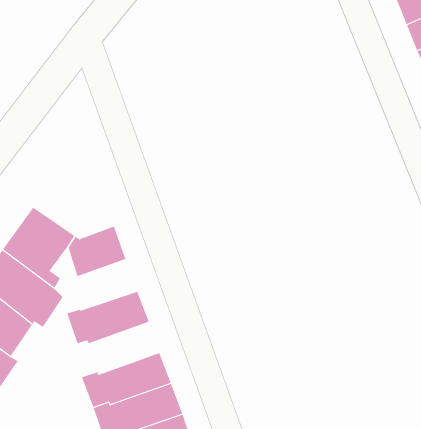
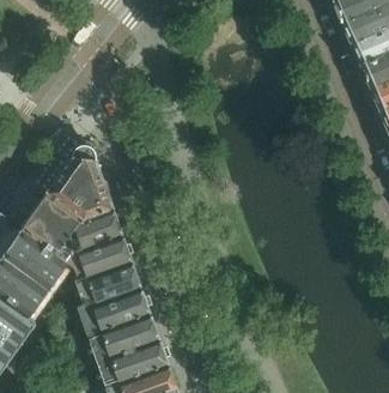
building: none -> [47,144,114,219]
building: none -> [65,236,133,278]
building: none -> [78,288,151,333]

